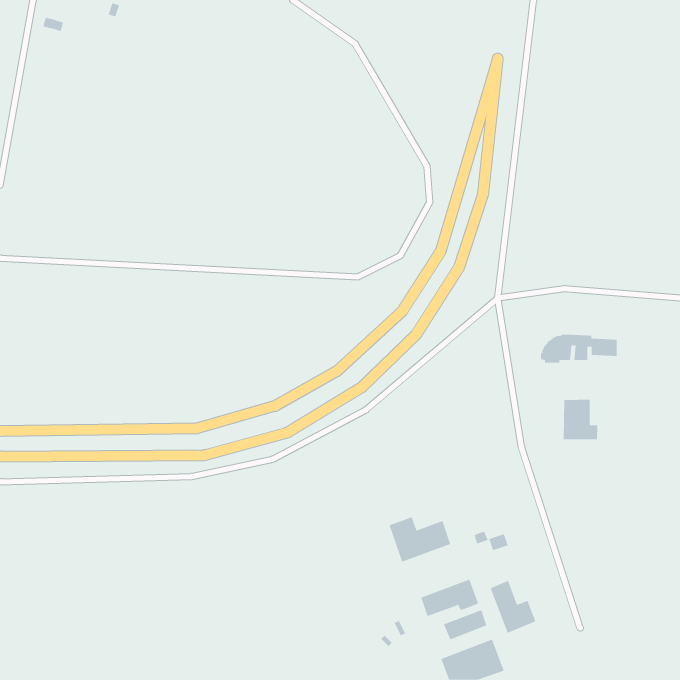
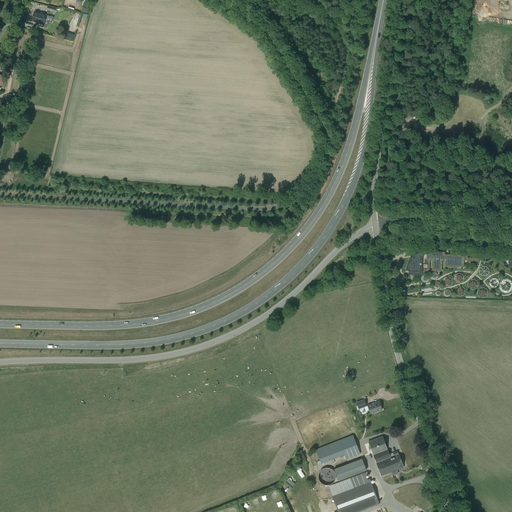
building: [563,399,598,440] -> none
building: [389,516,451,563] -> none

